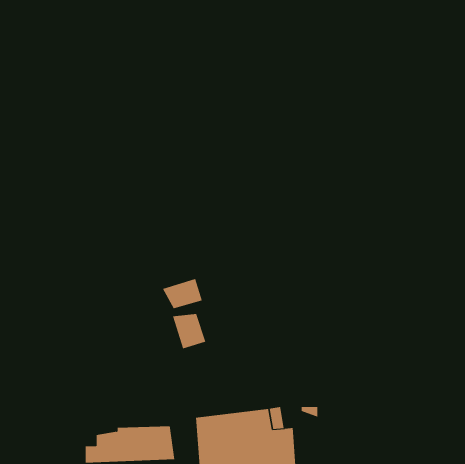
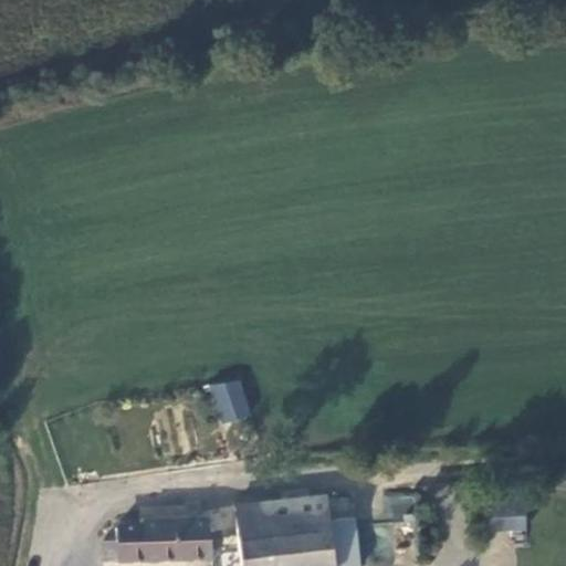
building: [162,278,202,309] -> none
building: none -> [492,505,527,533]

